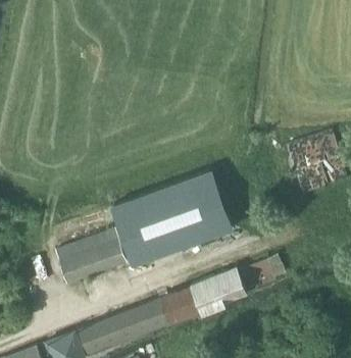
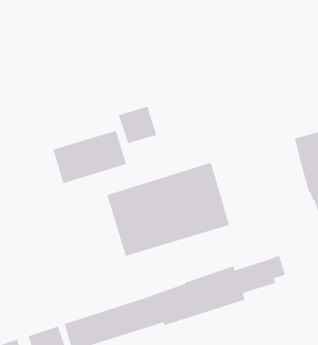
building: none -> [118,106,157,144]
building: [55,231,126,284] -> [53,130,127,184]

